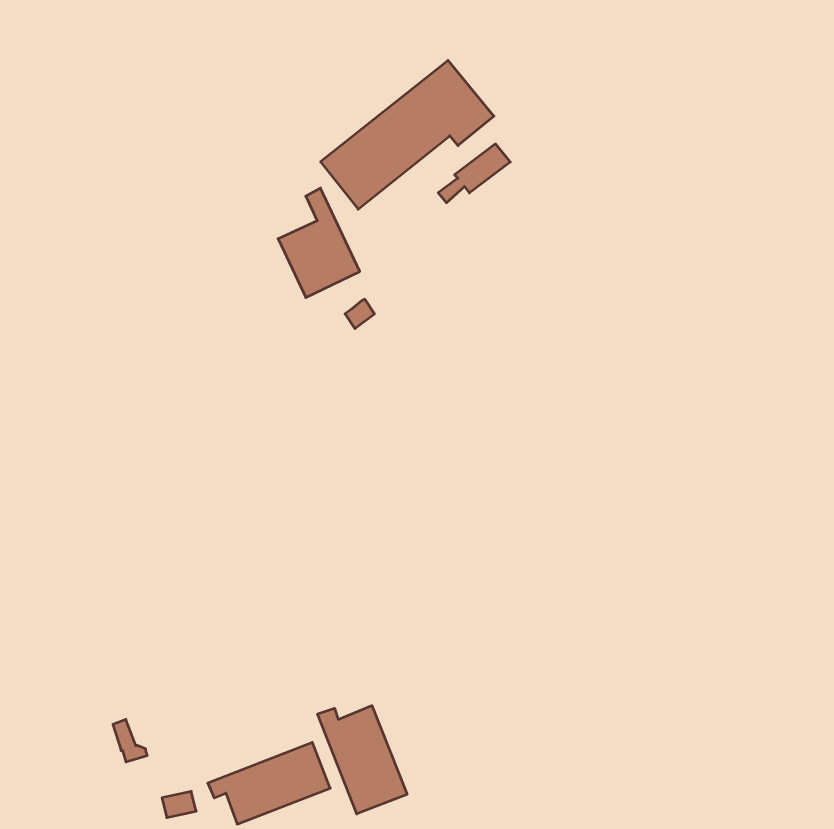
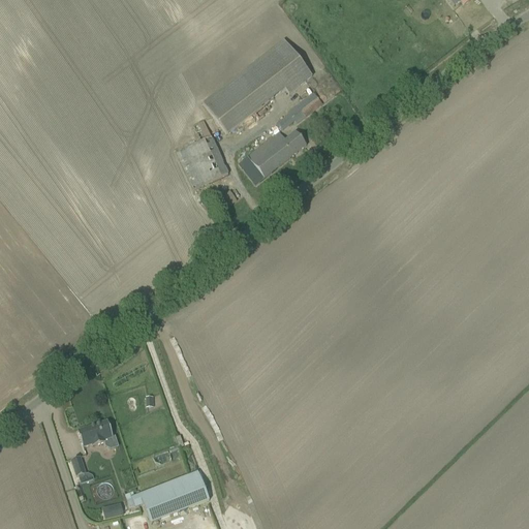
building: none -> [240,129,307,183]
building: none -> [79,418,120,446]
building: [318,706,407,814] -> none

